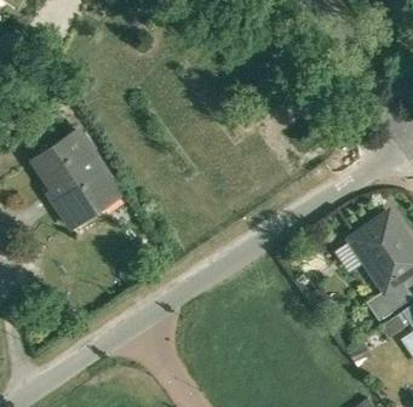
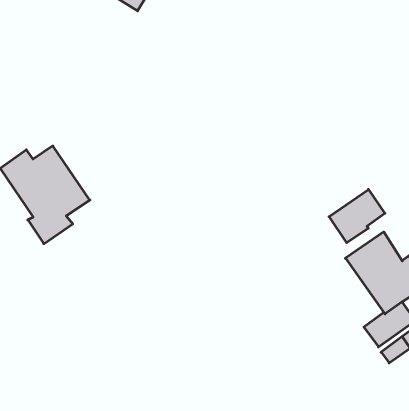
building: none -> [329,189,385,243]

